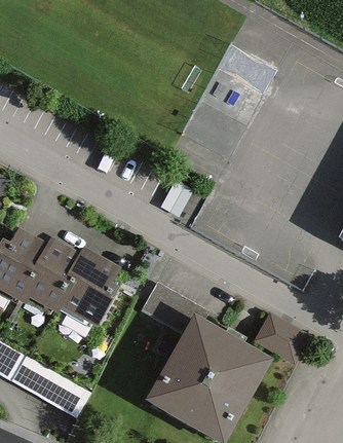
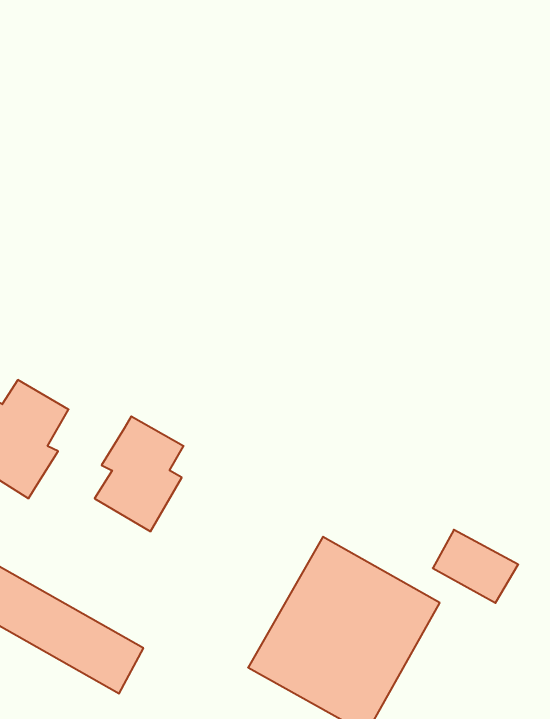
building: [29,243,80,310] -> none
building: [146,284,199,331] -> none

